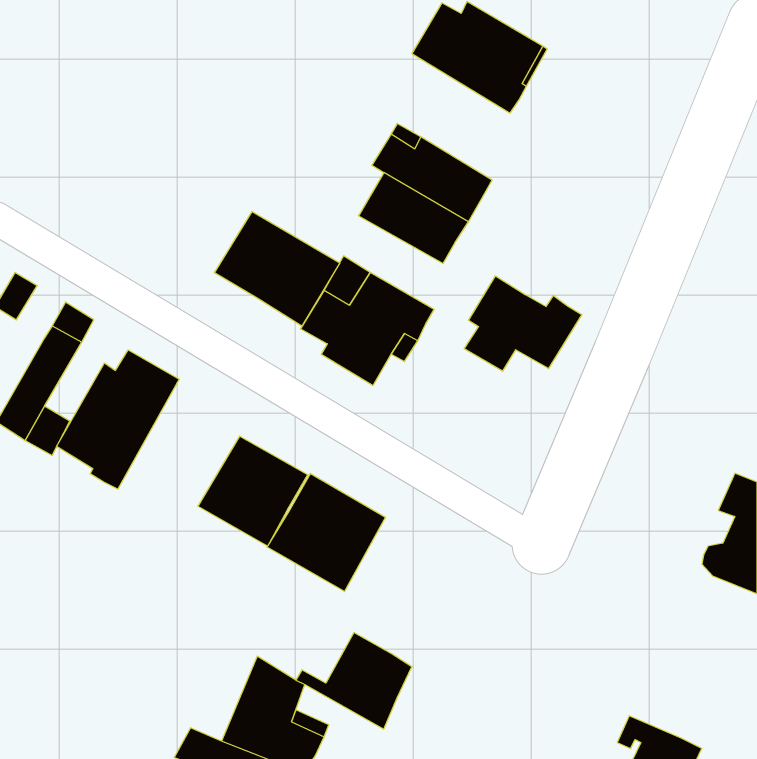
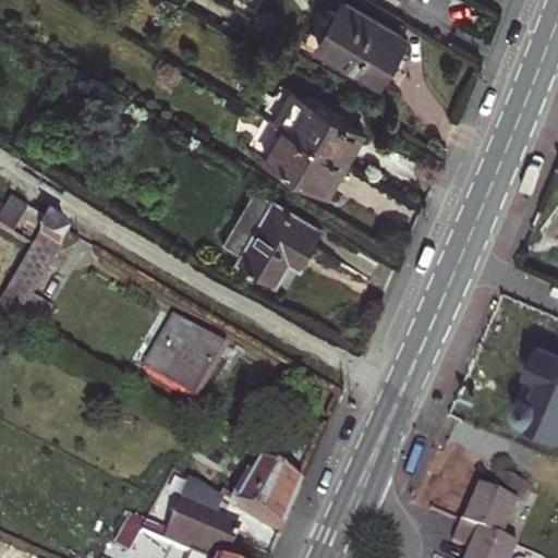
building: [214,211,340,326] -> none
building: [464,276,582,371] -> none
building: [57,350,179,489] -> none
building: [267,473,385,592] -> none
building: none -> [461,474,523,542]

